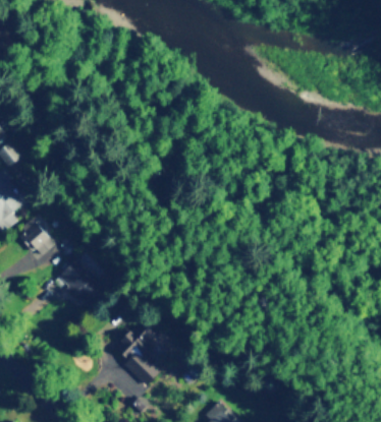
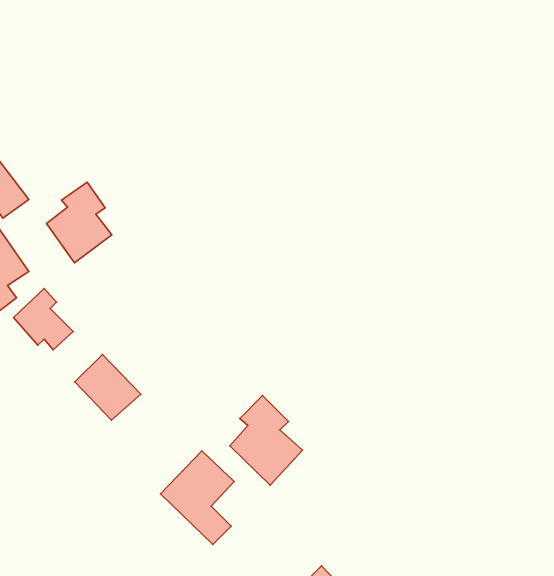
building: none -> [46,182,112,263]
building: none -> [230,396,303,485]

